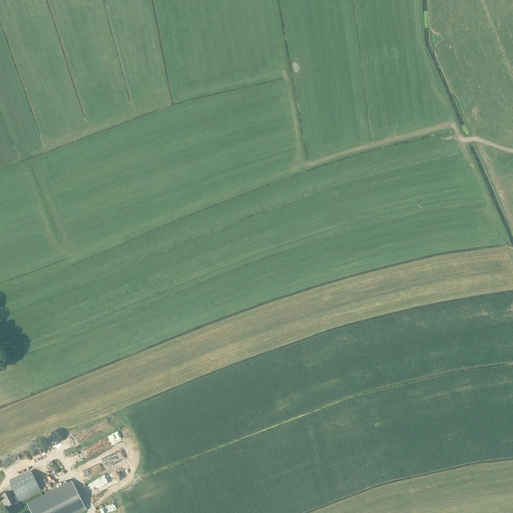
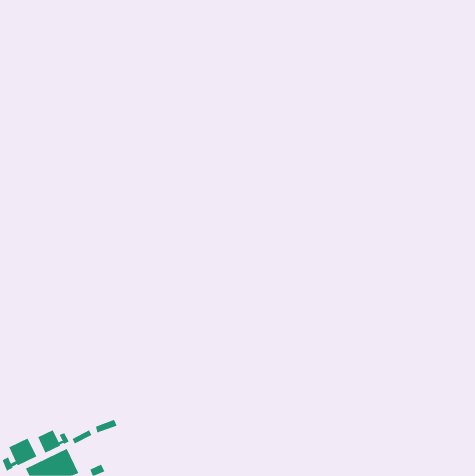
building: none -> [37,429,70,454]

